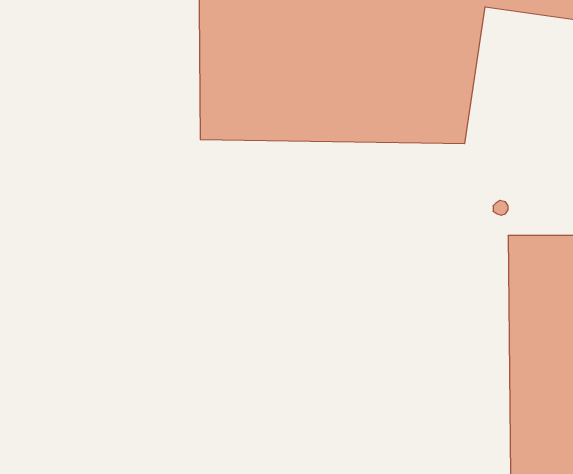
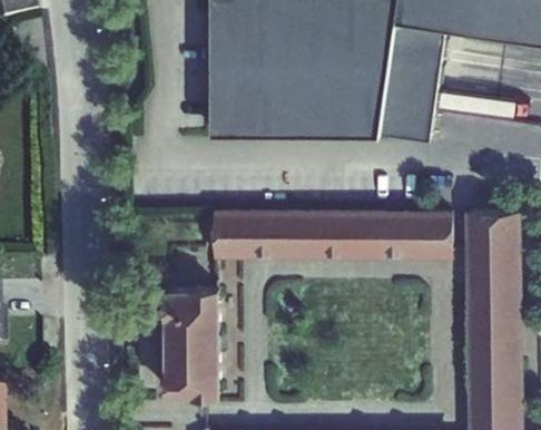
building: none -> [212,212,452,285]
building: none -> [163,290,219,399]

